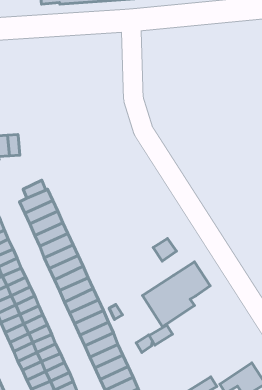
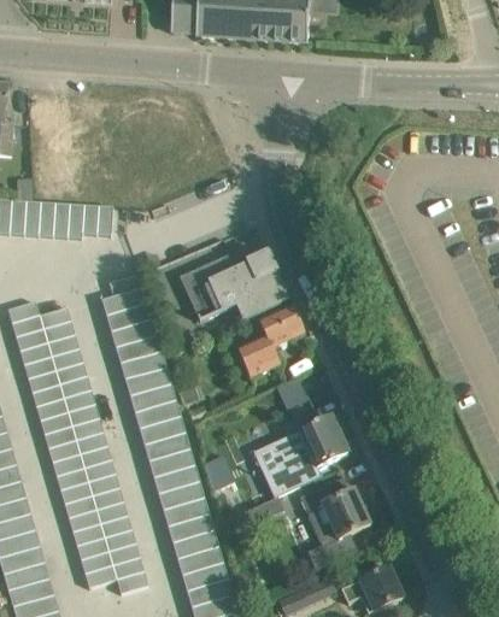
building: none -> [181,253,289,322]
building: none -> [237,305,305,376]
building: none -> [301,476,371,546]

